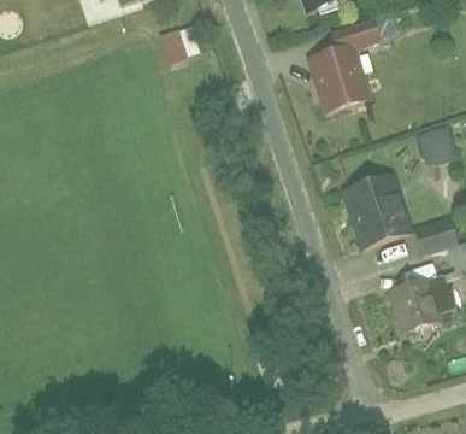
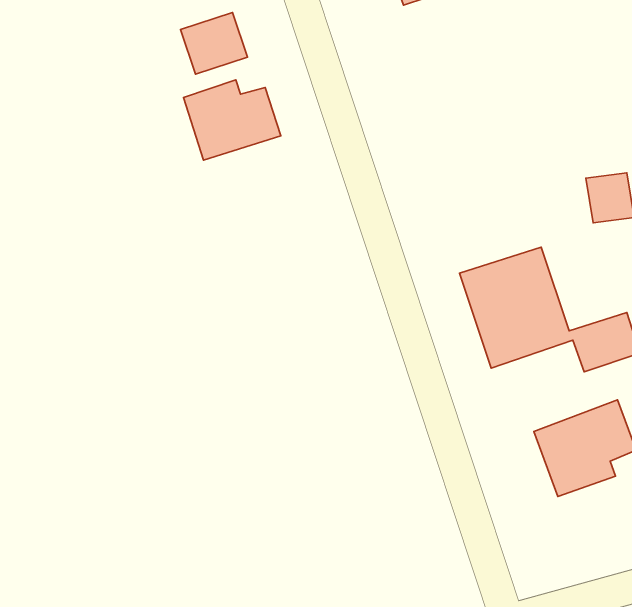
building: [303,16,377,112] -> none
building: none -> [183,80,281,160]

